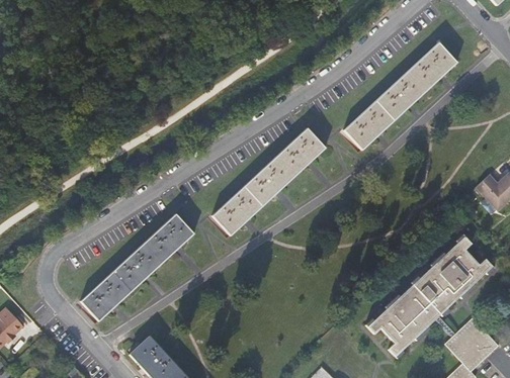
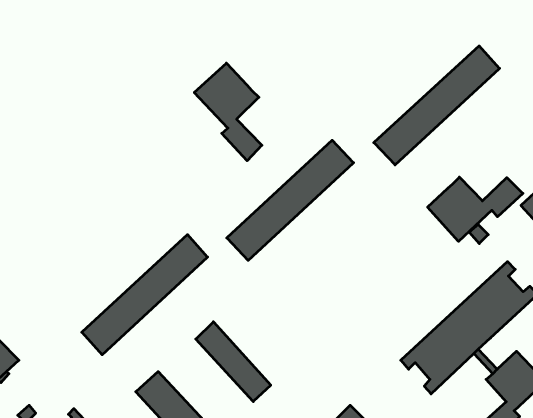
building: none -> [194,63,262,161]
building: none -> [428,177,523,241]
building: none -> [196,322,271,402]

